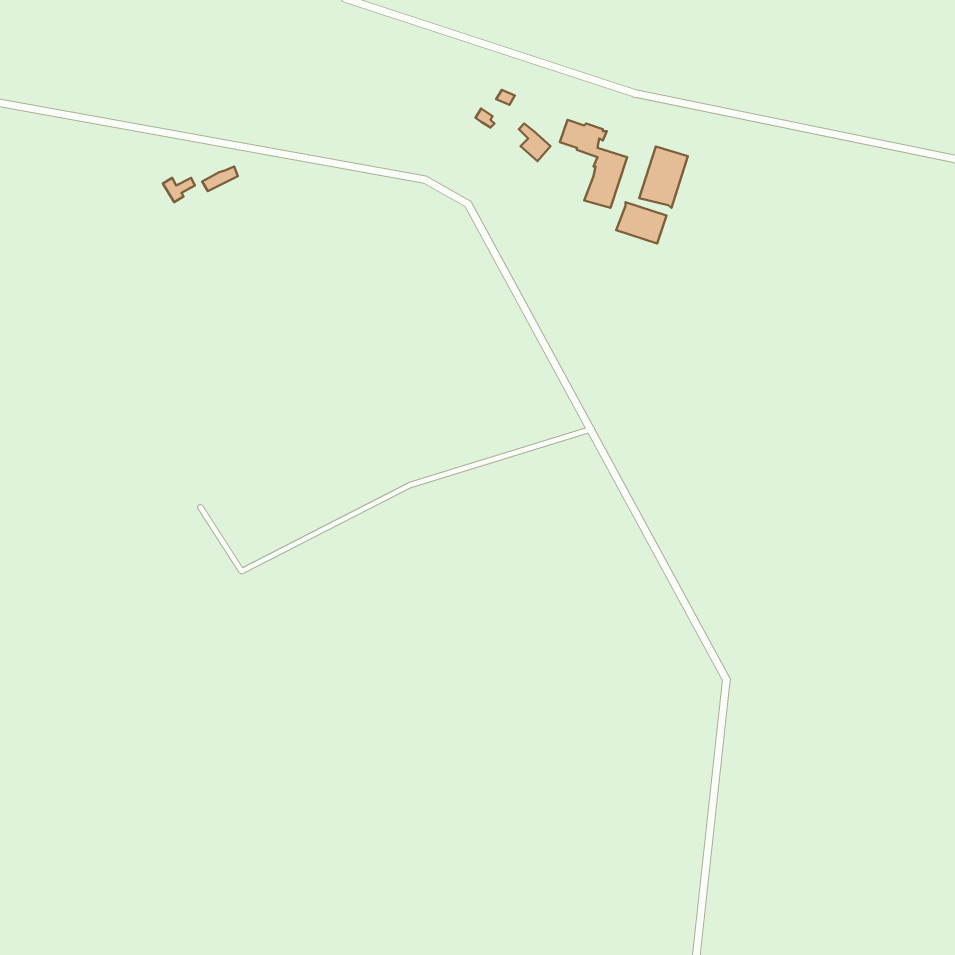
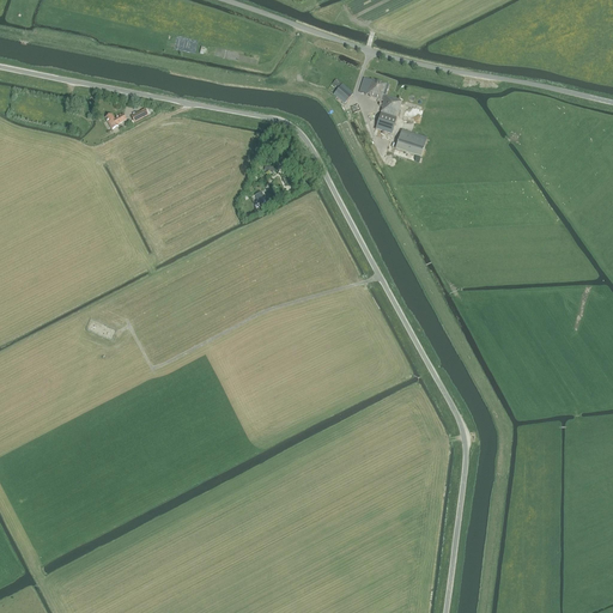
building: [639,147,688,208] -> none

